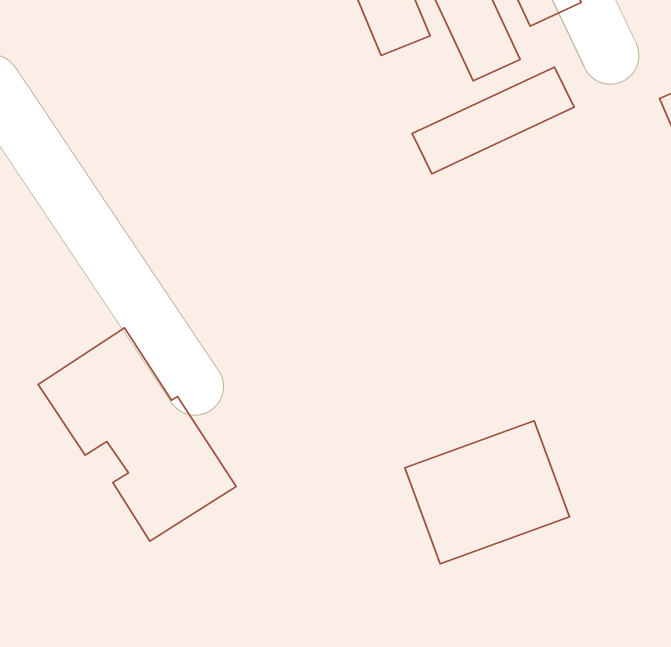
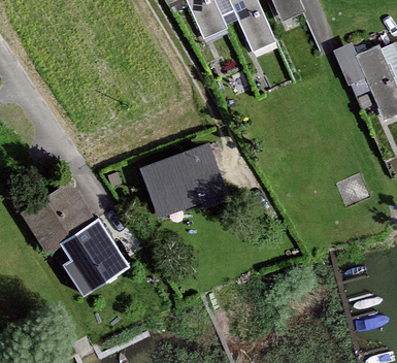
building: [412,67,574,174] -> none
building: [405,421,570,564] -> [142,137,229,212]

